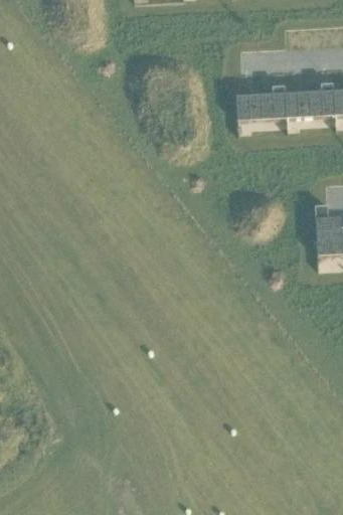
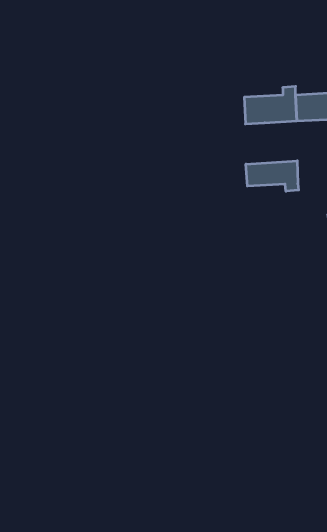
building: none -> [246,161,299,191]

